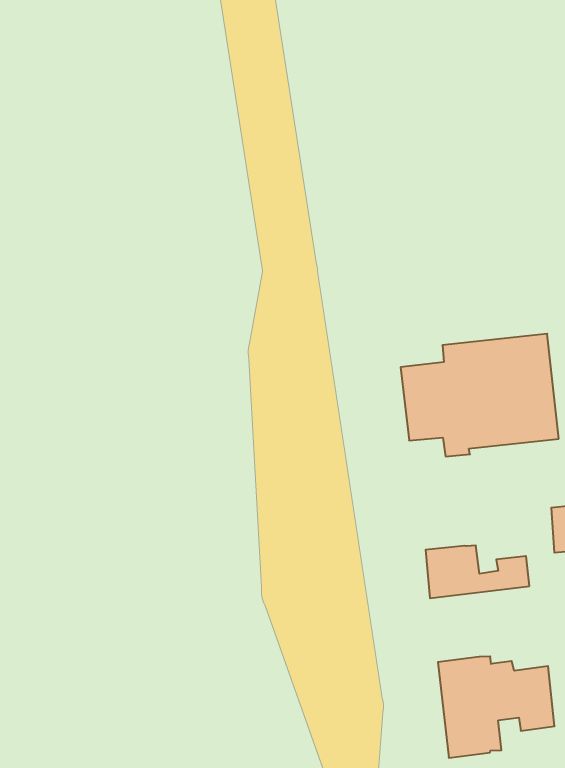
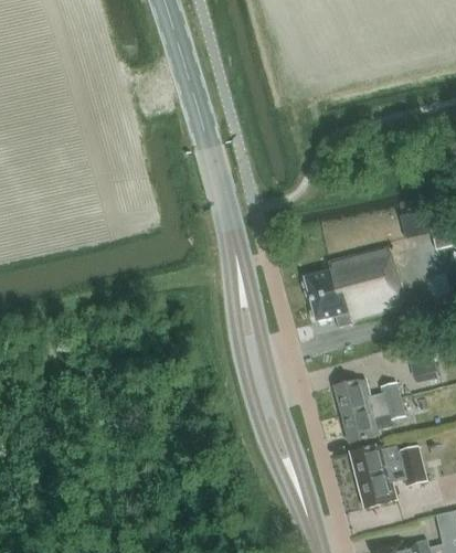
building: none -> [341,398,404,443]

